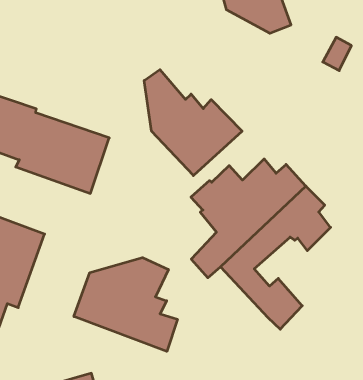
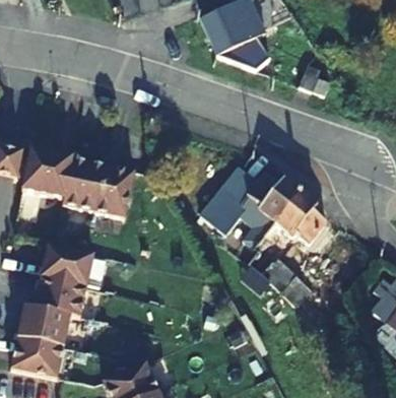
building: [144,70,242,176] -> none
building: [74,258,177,351] -> none

